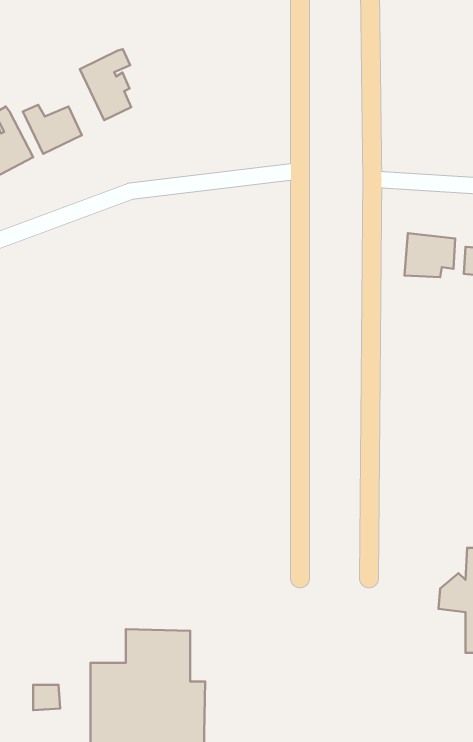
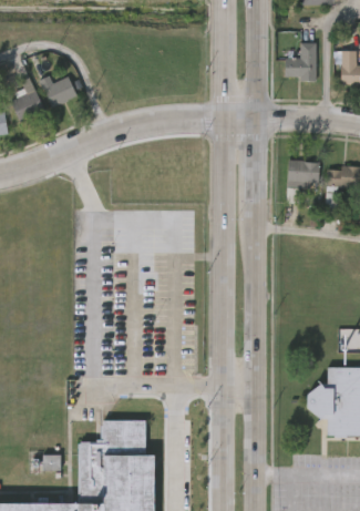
building: [80,49,131,120] -> none
building: none -> [284,42,316,80]

